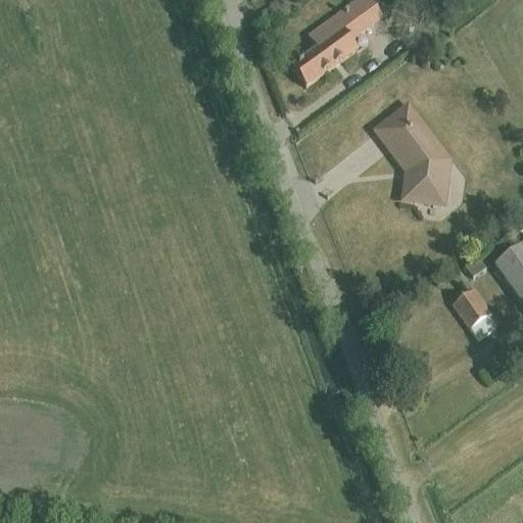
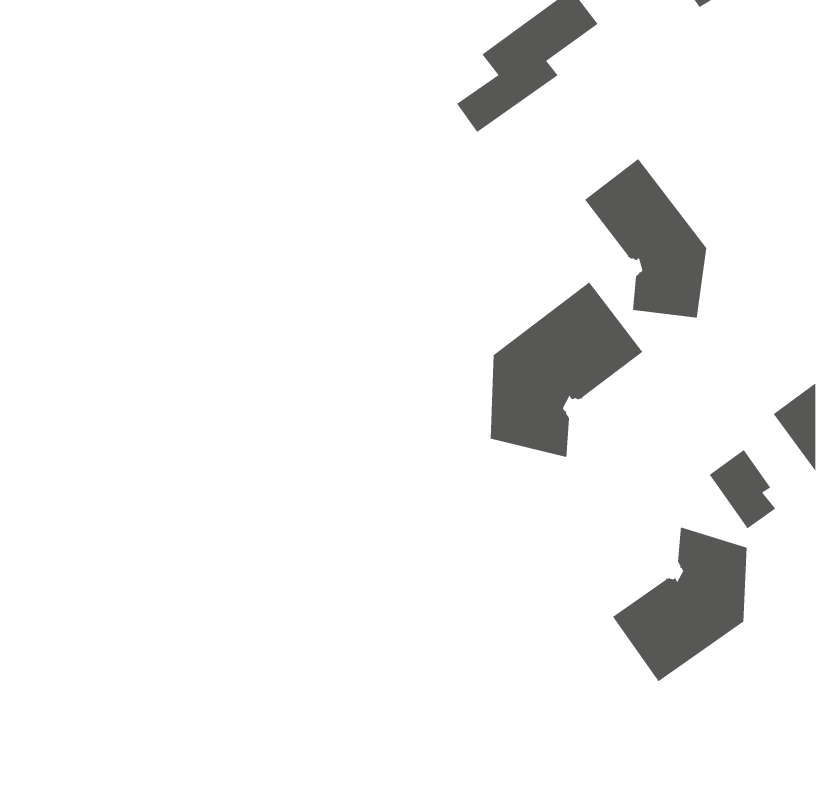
building: none -> [490,282,643,458]
building: none -> [612,527,747,682]

